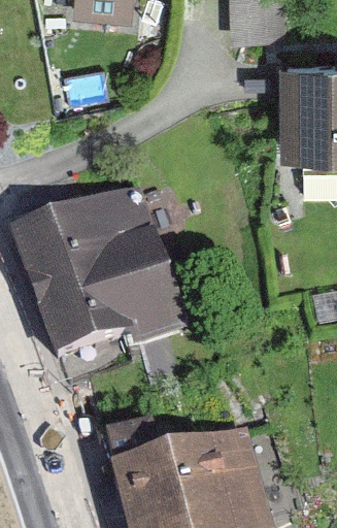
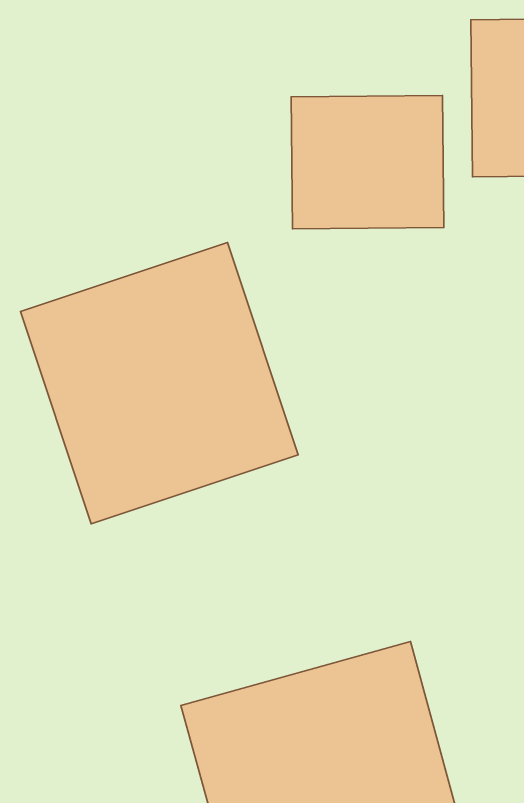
building: none -> [291,96,444,229]

